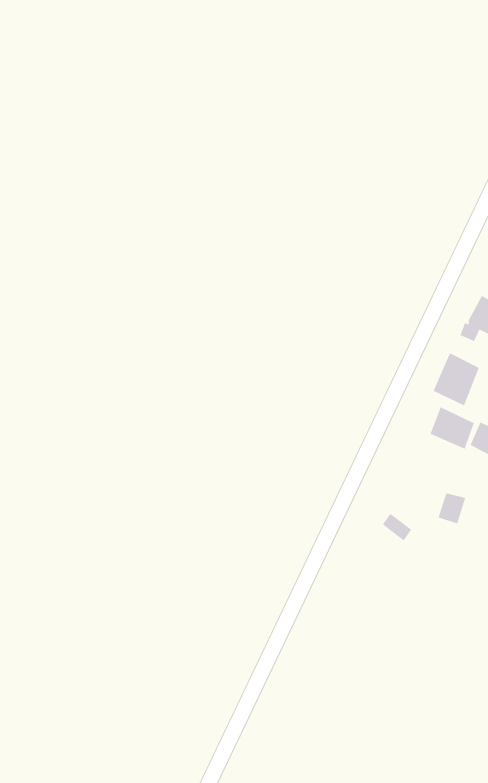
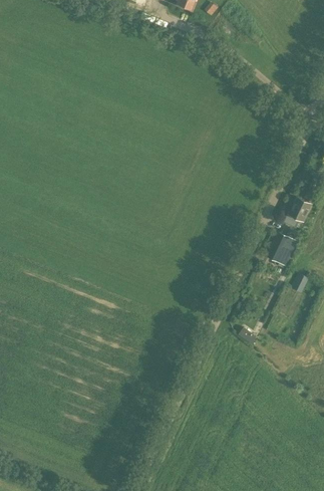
building: [429,406,475,450] -> none

